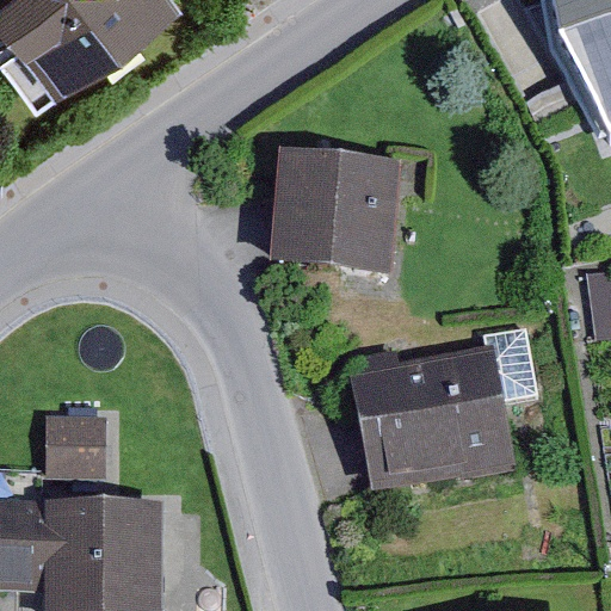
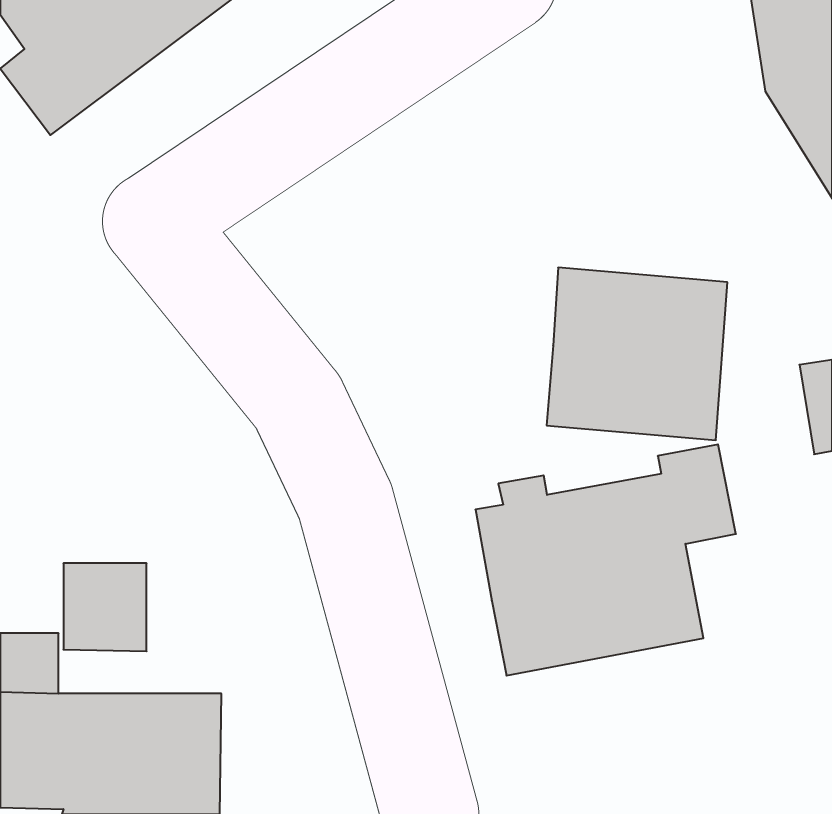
building: [271,155,403,282] -> [547,268,727,440]

